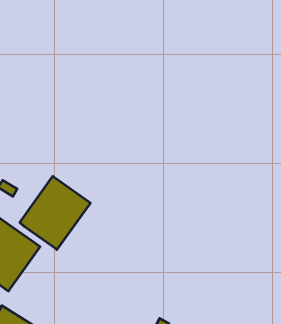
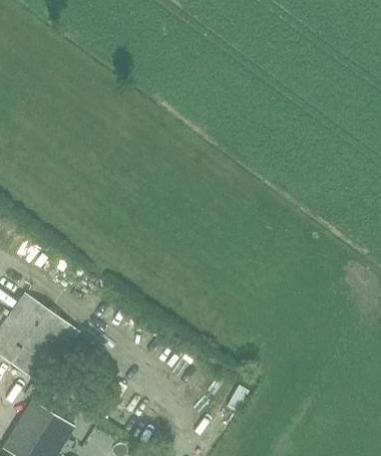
building: [20,176,90,250] -> none

